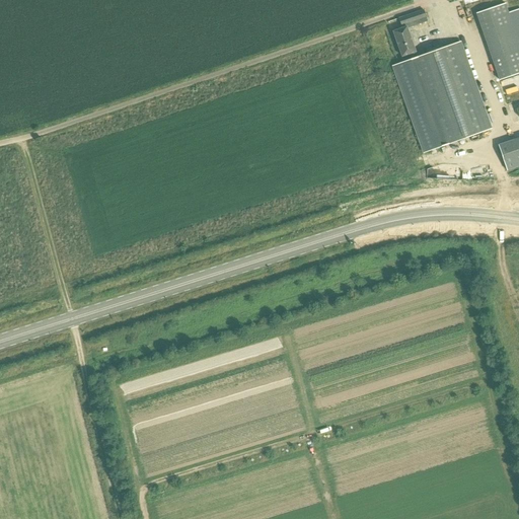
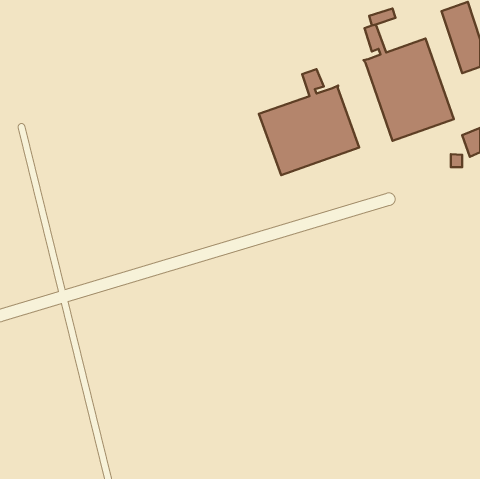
building: none -> [259,69,359,175]

